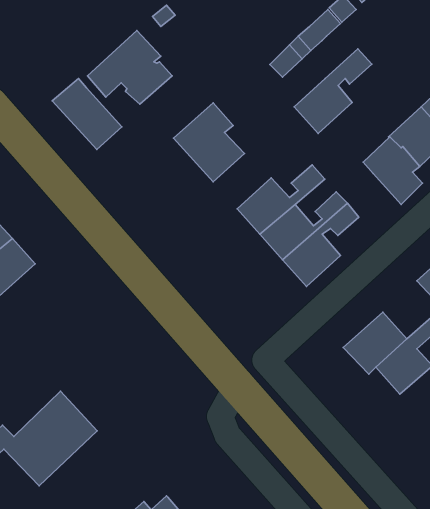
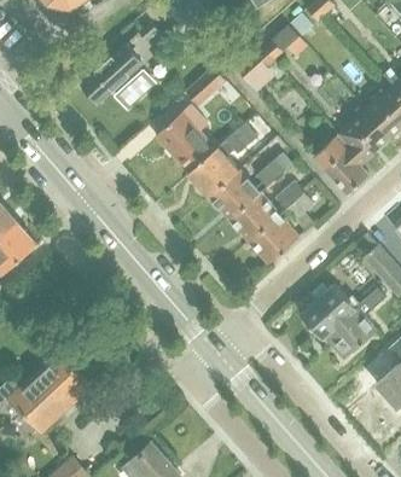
building: [294,49,372,134] -> [188,123,255,196]
building: none -> [182,66,223,105]
building: [52,78,122,150] -> none

